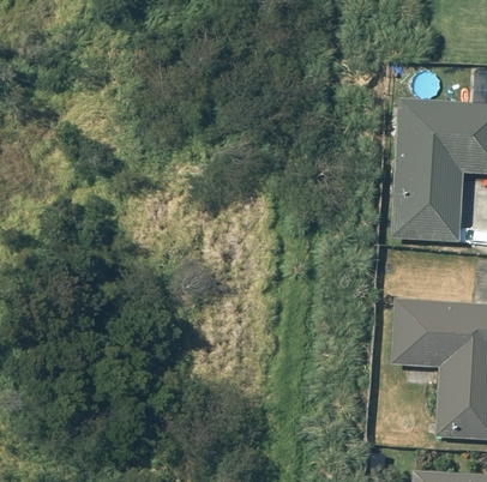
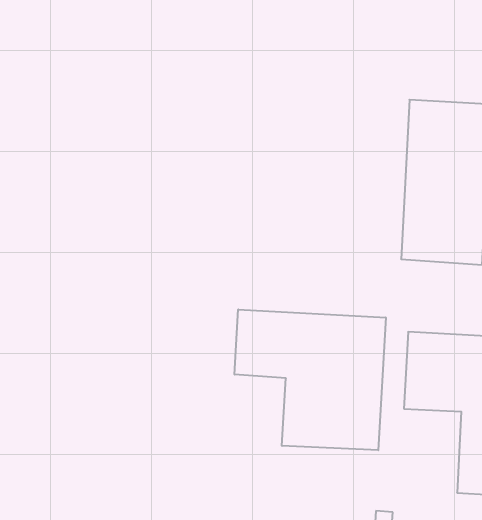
building: none -> [235,309,386,450]

